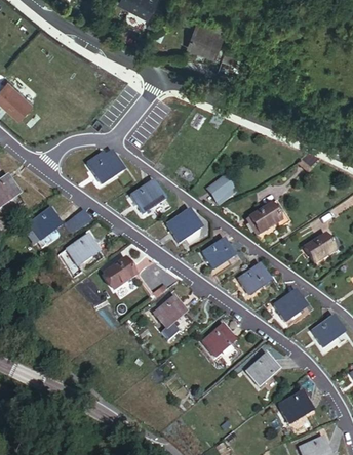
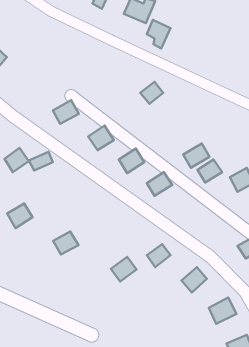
building: [206,174,234,201] -> [140,82,163,104]
building: [68,235,99,264] -> [7,203,33,228]
building: [103,259,133,287] -> [53,232,79,254]
building: [239,264,269,292] -> [197,160,222,182]
building: [274,290,306,320] -> none
building: [153,297,184,327] -> [111,257,136,282]

